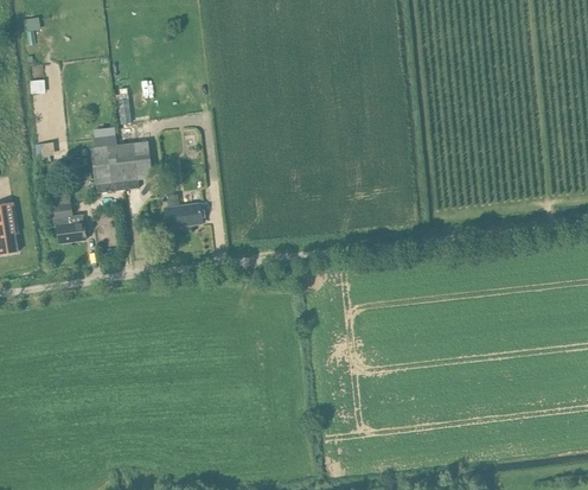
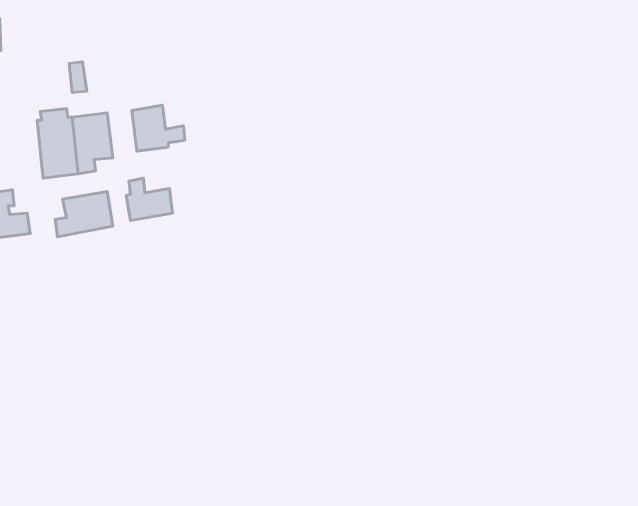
building: none -> [132,105,185,151]
building: none -> [55,192,113,237]

